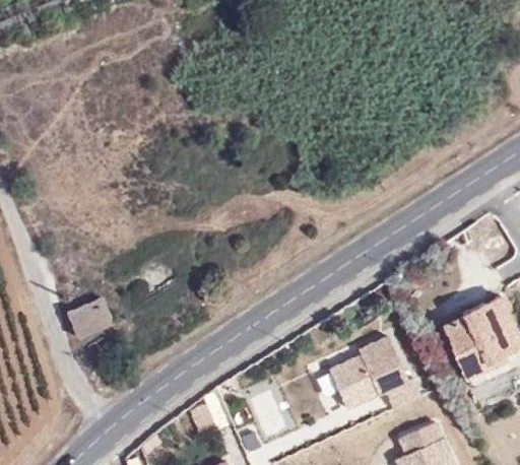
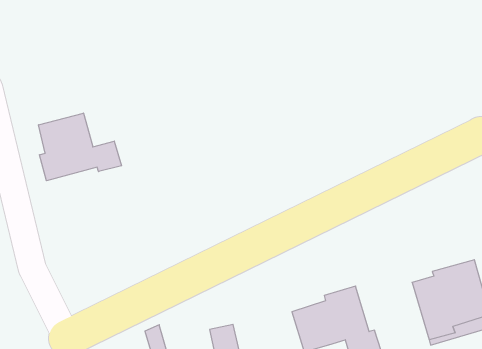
building: none -> [39,113,122,181]
building: [67,300,114,340] -> none

